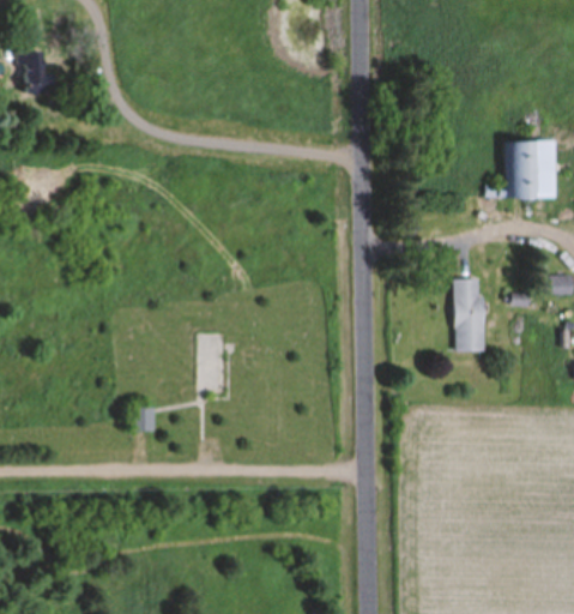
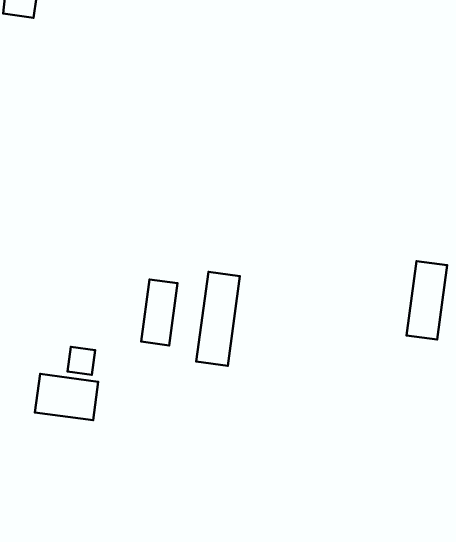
building: none -> [196,272,240,366]
building: none -> [35,374,98,420]

